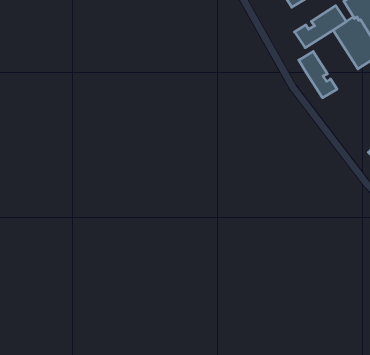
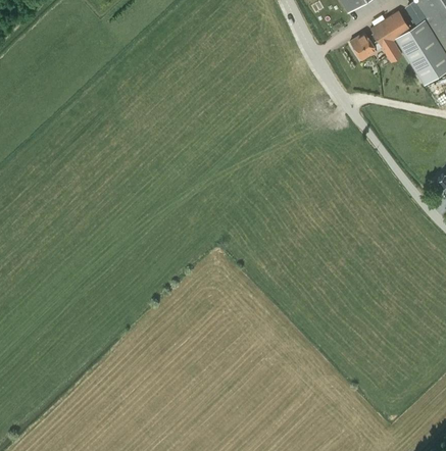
building: [299,51,337,98] -> none

